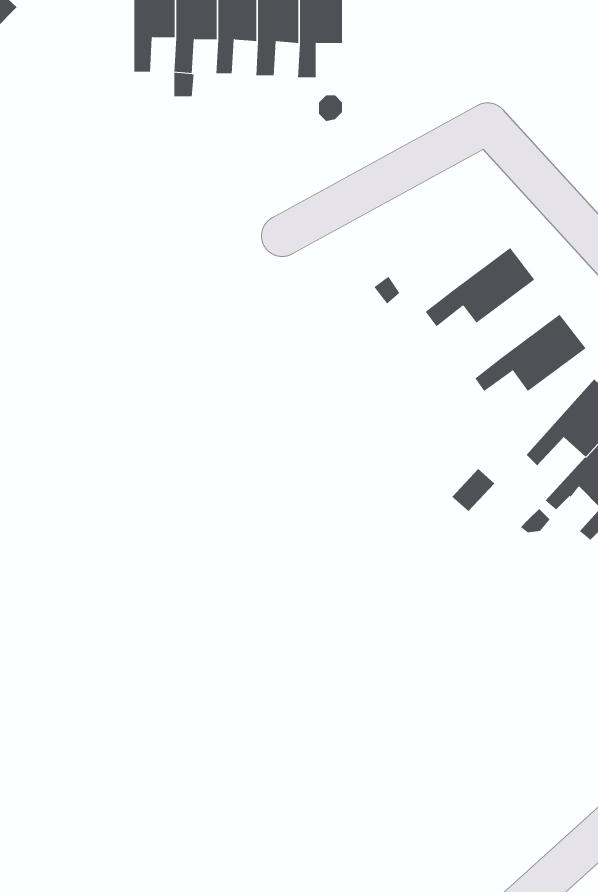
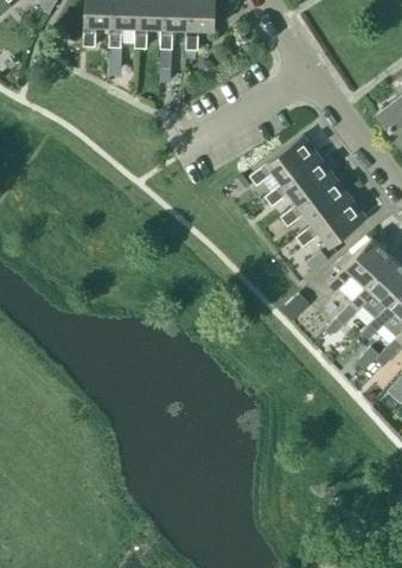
building: none -> [250,135,319,184]
building: none -> [281,175,350,225]

